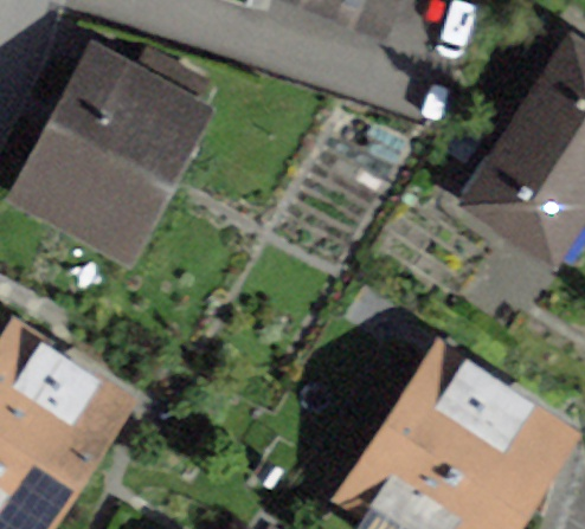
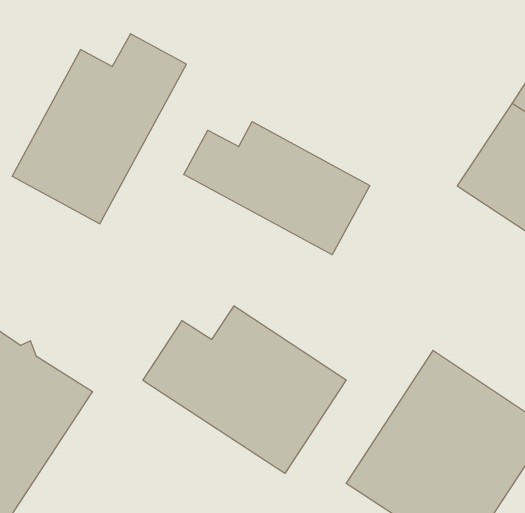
building: none -> [184,122,370,255]
building: none -> [143,306,346,473]

